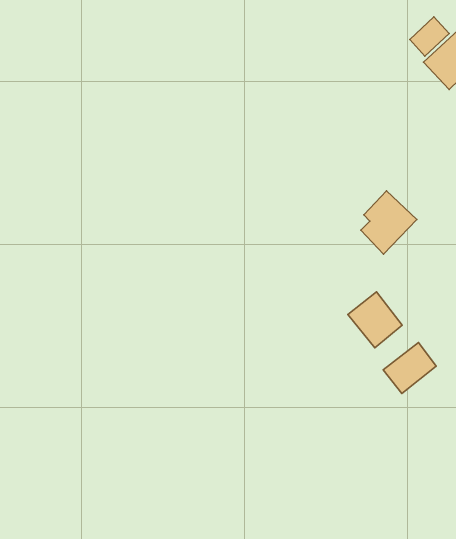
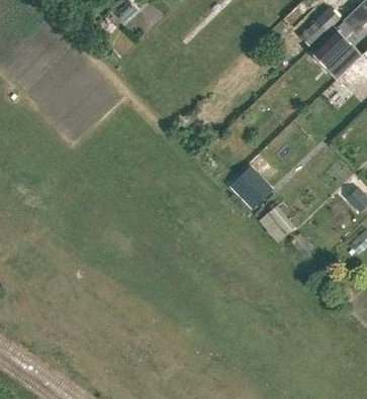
building: [361,191,417,254] -> [233,174,270,216]
building: [383,343,436,394] -> none

